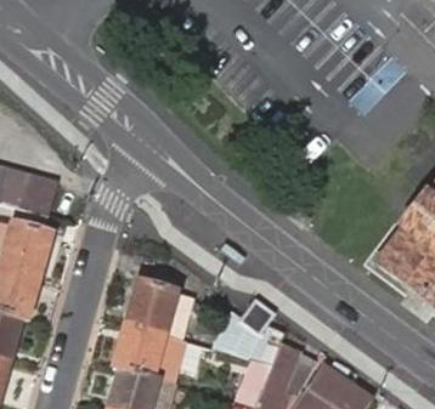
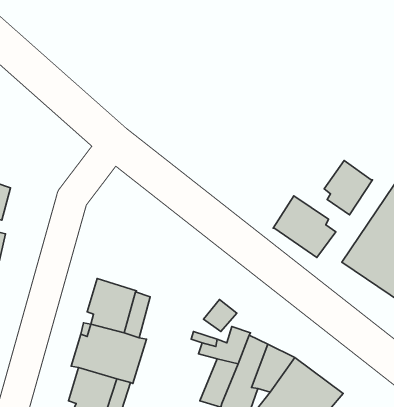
building: none -> [324,161,373,215]
building: none -> [273,196,336,258]

